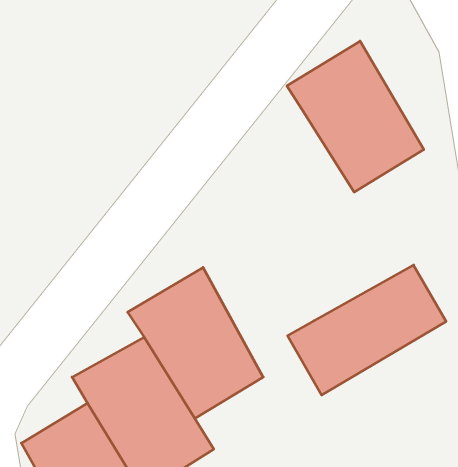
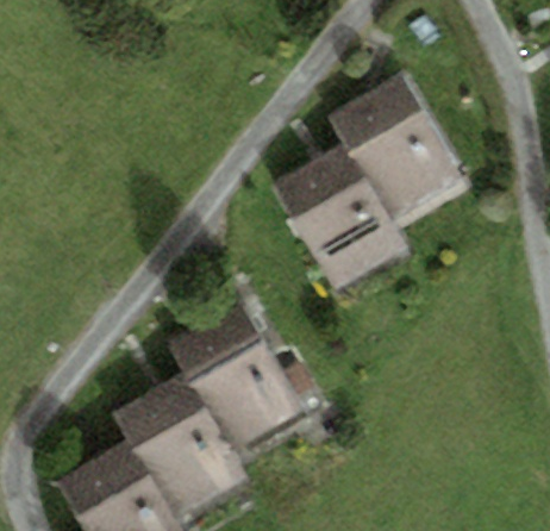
building: none -> [276,140,413,296]
building: [288,265,446,395] -> none

